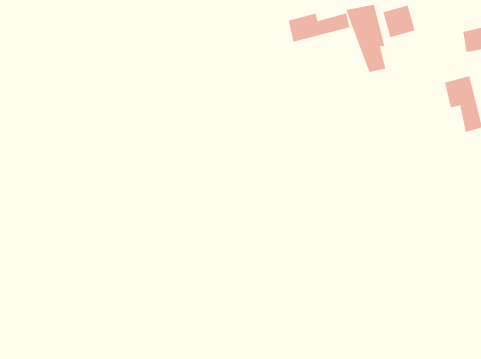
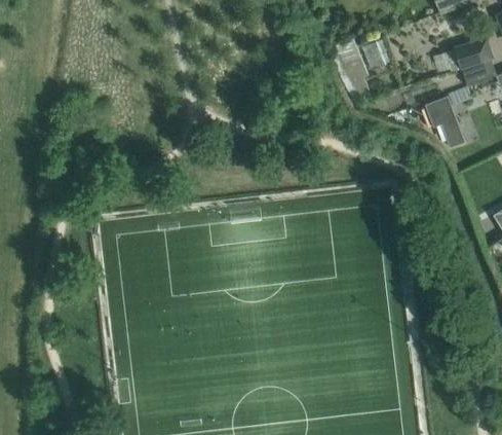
building: [288,13,350,42] -> none

